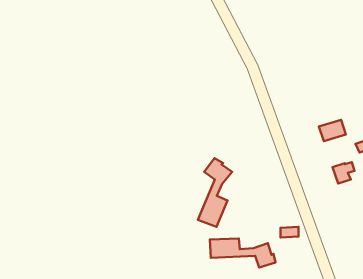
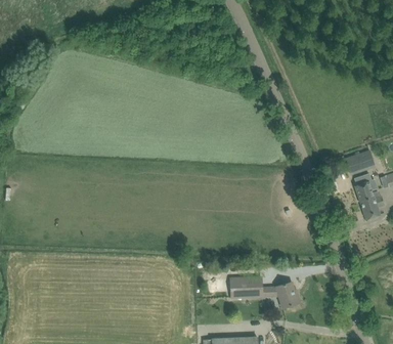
building: none -> [354,173,376,201]
building: [198,158,232,227] -> none

